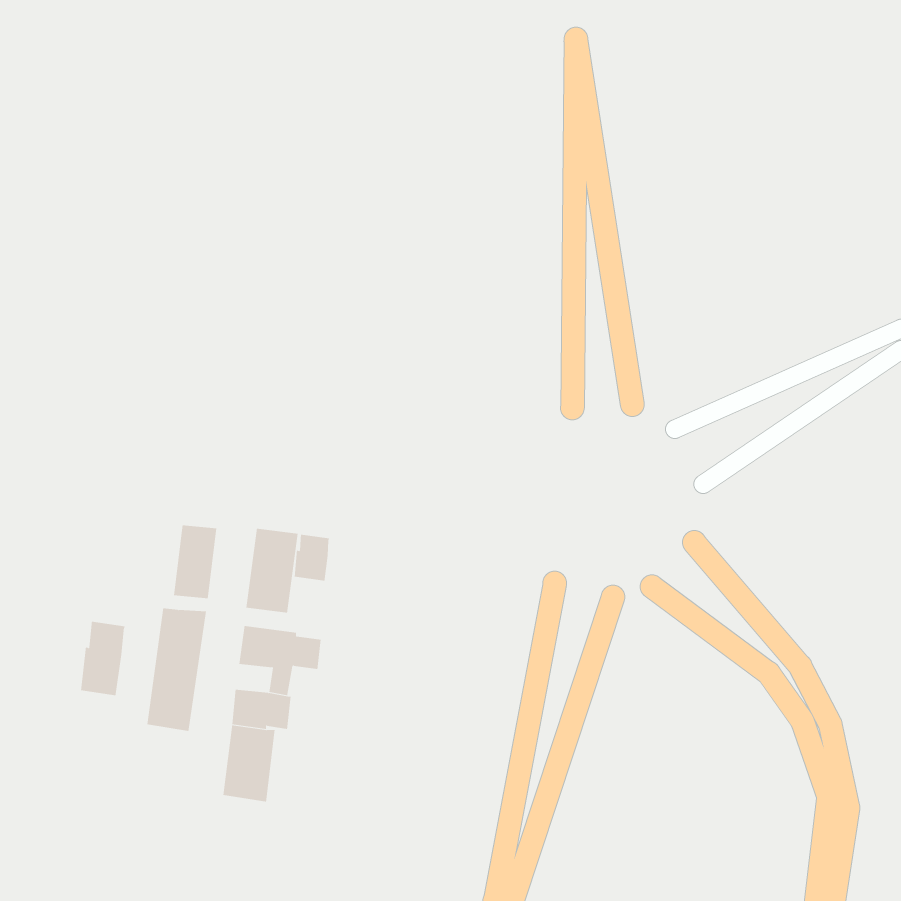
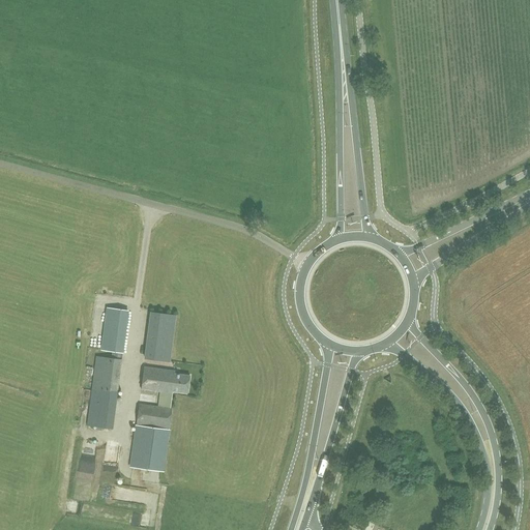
building: [294,534,330,581] -> none
building: [80,621,125,696] -> none

